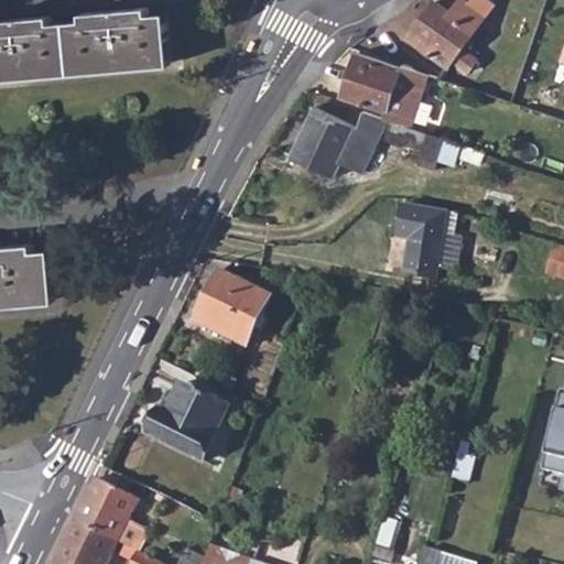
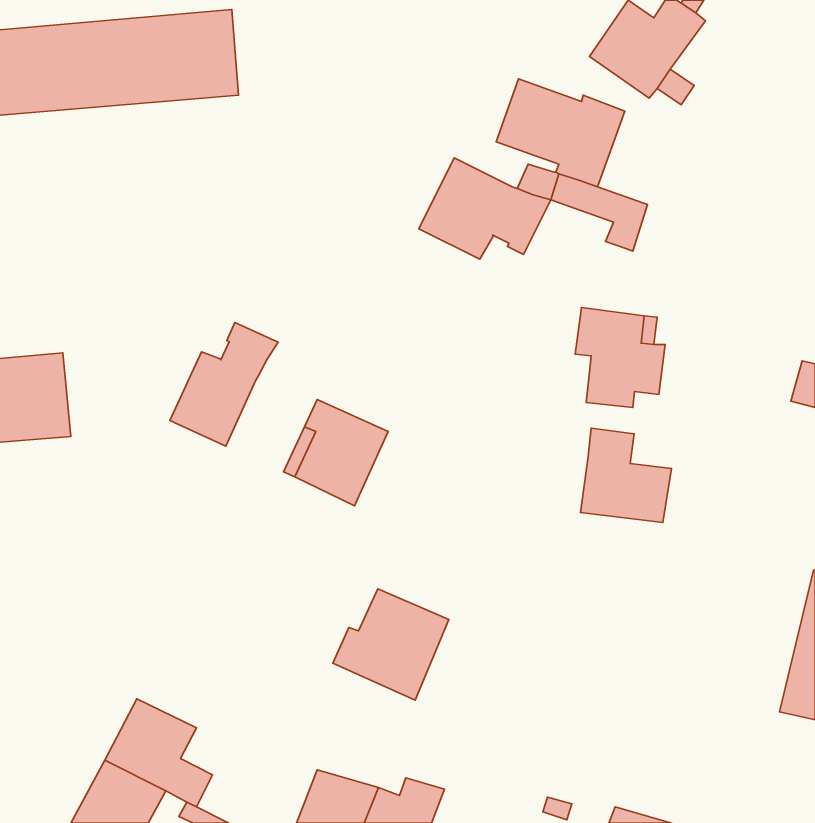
building: none -> [170,323,278,446]
building: none -> [580,428,671,522]
building: [148,387,227,463] -> [333,589,449,700]

